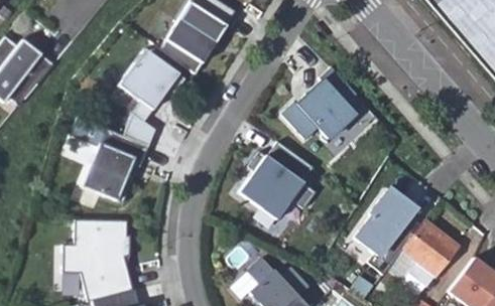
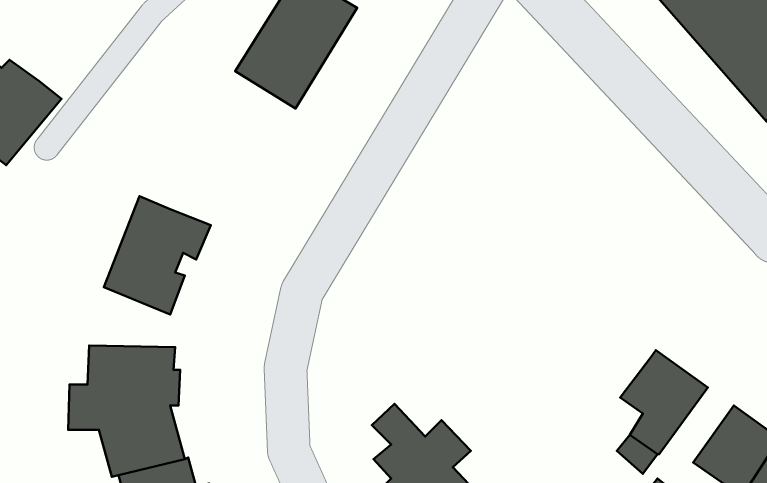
building: [117,48,184,145] -> none
building: [281,65,358,139] -> none
building: [239,141,316,218] -> none
building: [353,189,421,277] -> none

